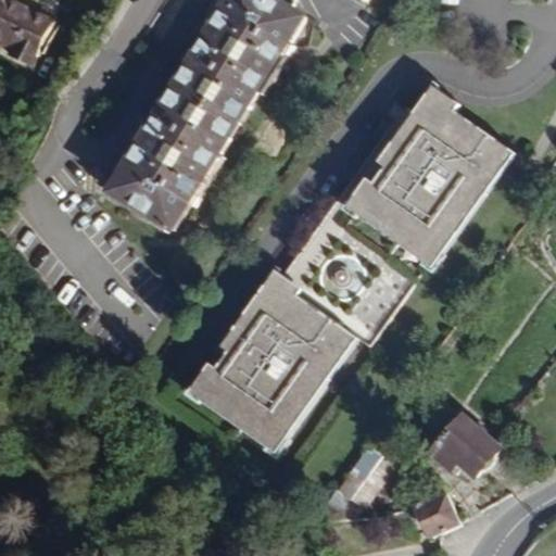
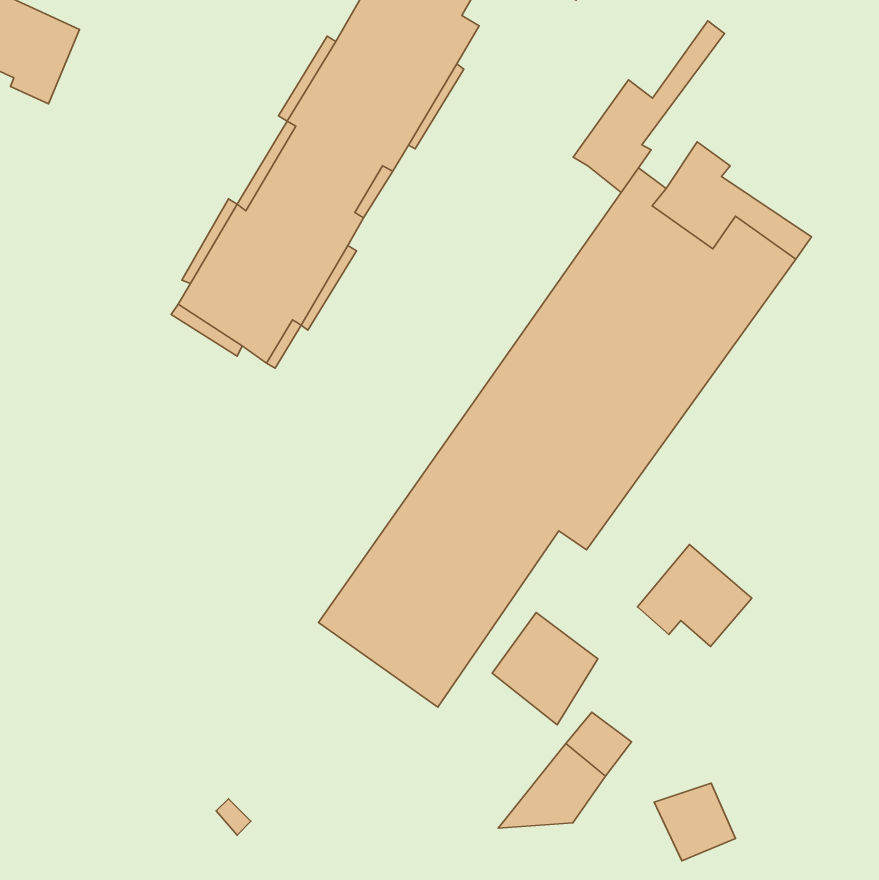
building: none -> [573,21,724,192]
building: none -> [492,613,598,725]
building: [429,415,501,479] -> [638,545,752,647]

